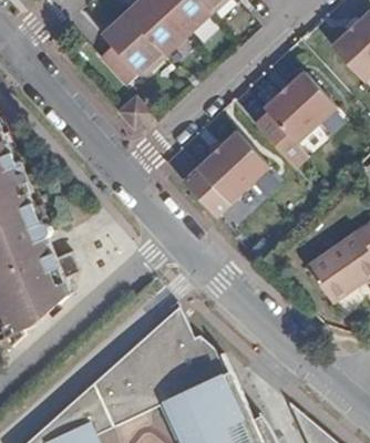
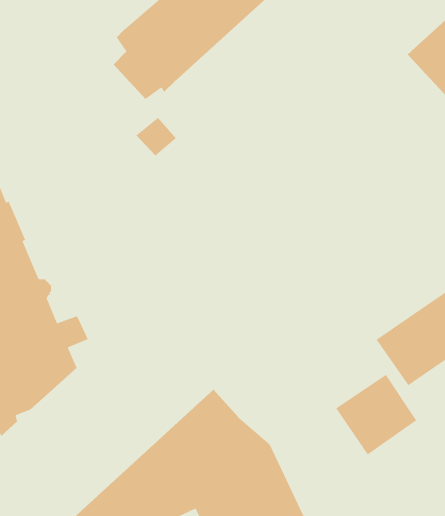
building: [263,72,333,143] -> none
building: [182,131,267,215] -> none
building: none -> [335,374,417,455]

